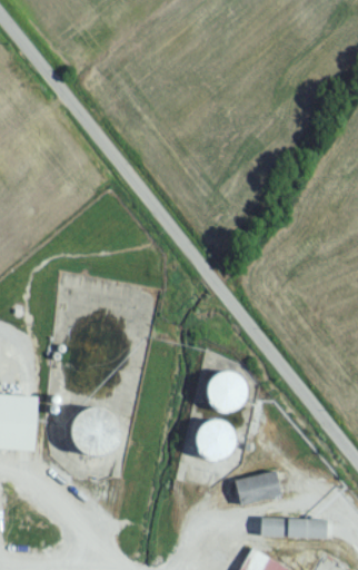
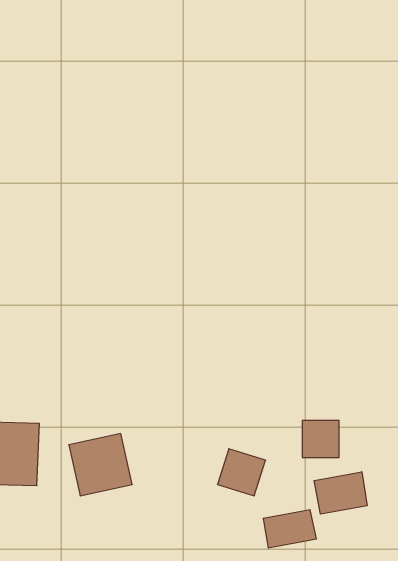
building: [208,375,240,407] -> [302,421,339,457]
building: none -> [314,472,367,514]

